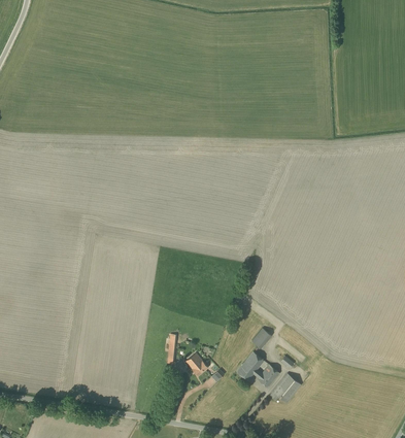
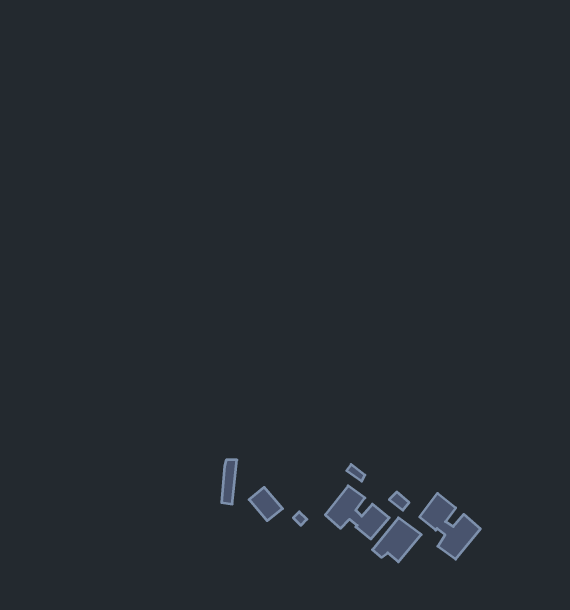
building: none -> [420,493,480,559]

